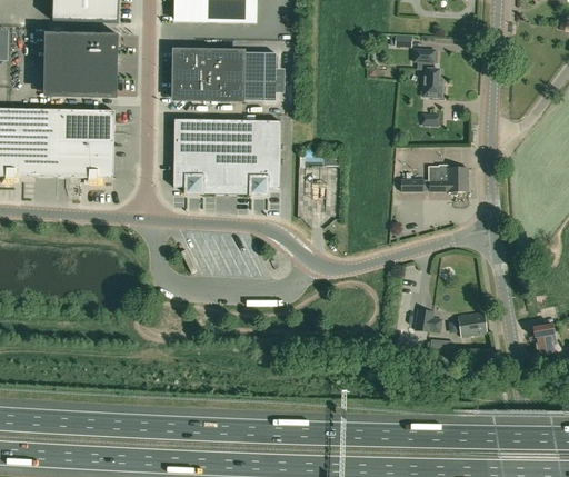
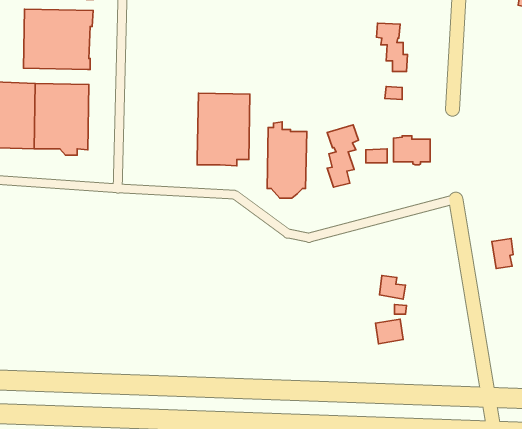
building: [173,50,274,100] -> none
building: [172,118,227,193] -> none
building: none -> [327,125,359,187]
building: [457,310,486,336] -> [375,319,403,344]
building: [532,322,555,354] -> [492,238,513,268]

